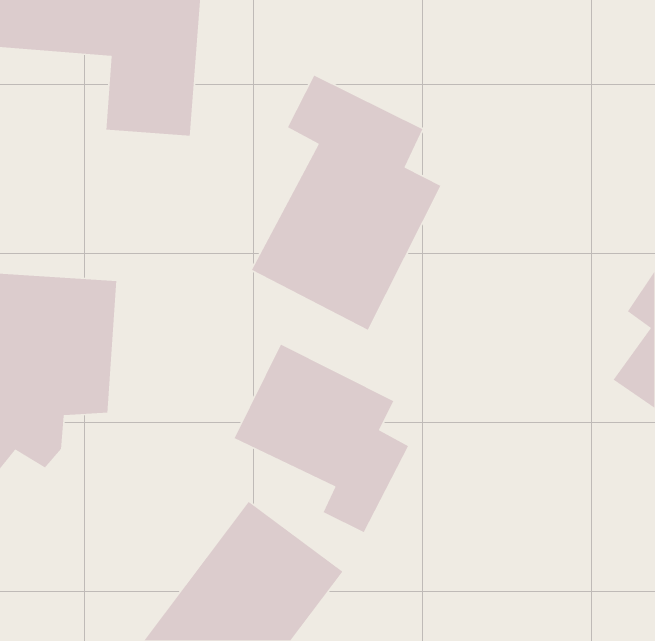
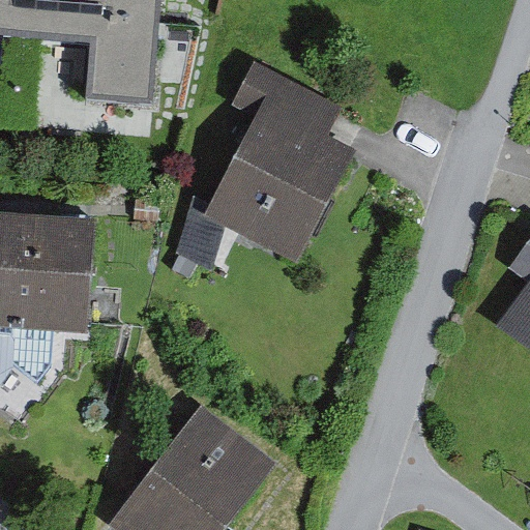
building: [233,343,409,533] -> none

